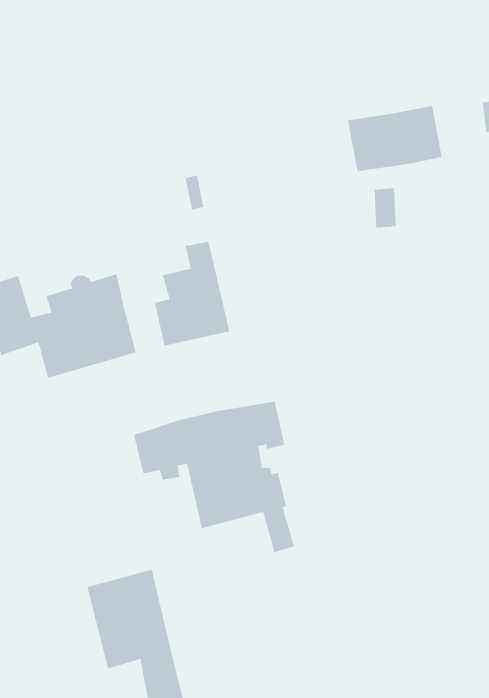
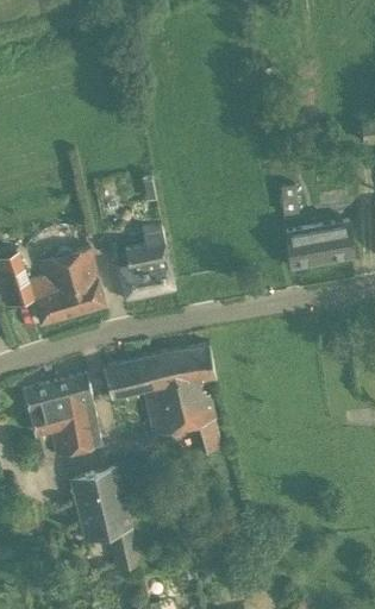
building: [347,106,443,172] -> [285,220,355,269]
building: none -> [24,373,102,454]

